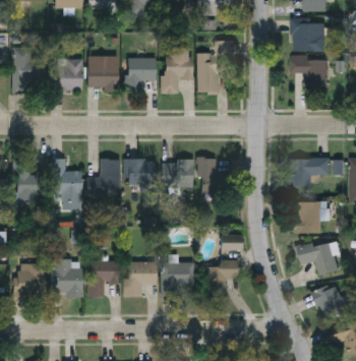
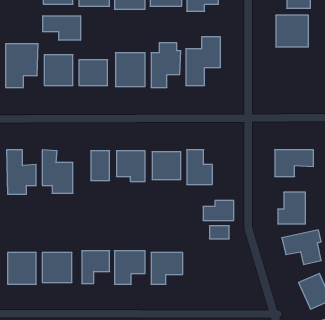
building: none -> [43,16,80,40]
building: [290,56,327,88] -> none
building: [207,259,239,280] -> [203,201,234,220]

